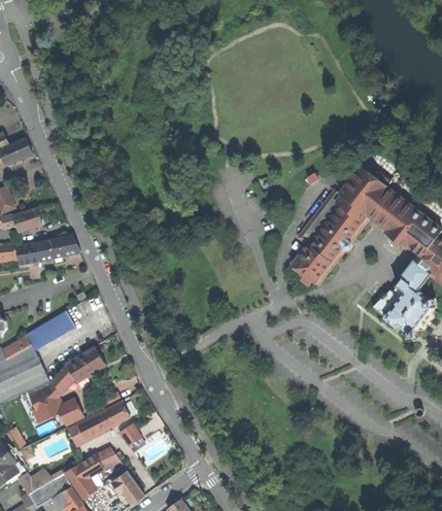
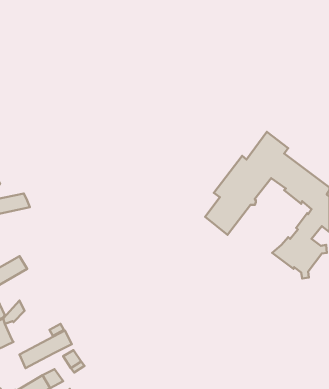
building: [67,348,105,382] -> none
building: [56,399,84,427] -> none

